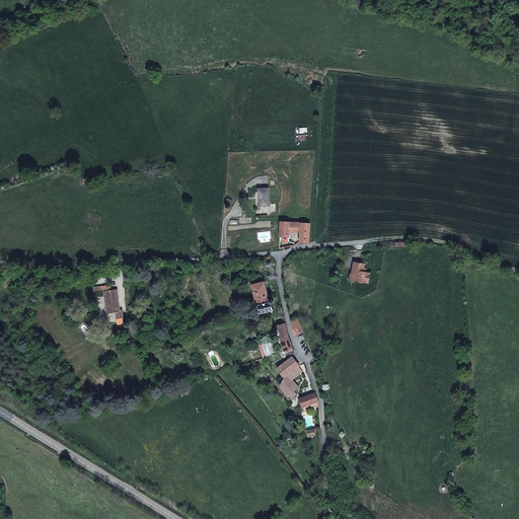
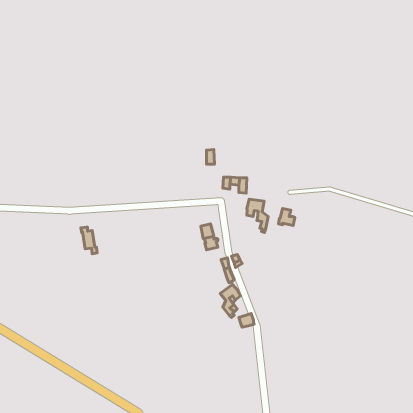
building: none -> [247,199,268,232]

